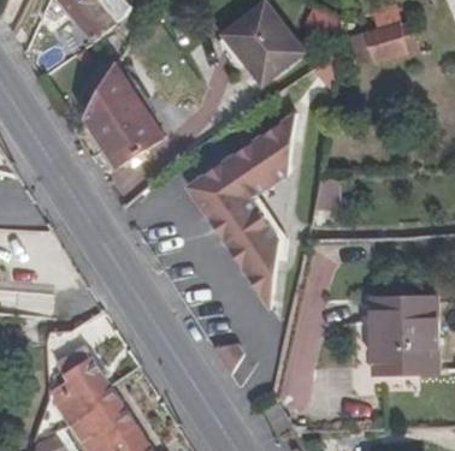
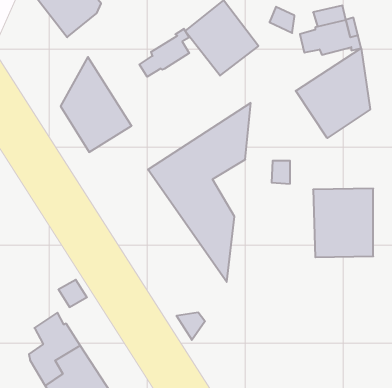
building: none -> [139,29,189,77]
building: none -> [296,48,370,138]
building: [371,297,437,373] -> [313,189,373,257]

